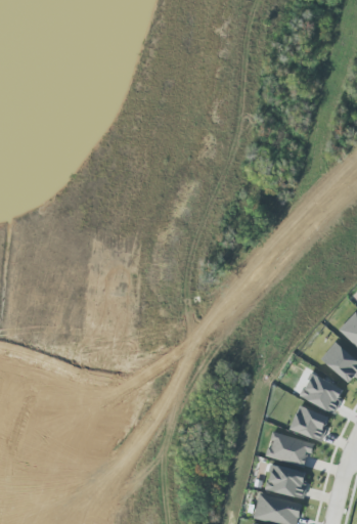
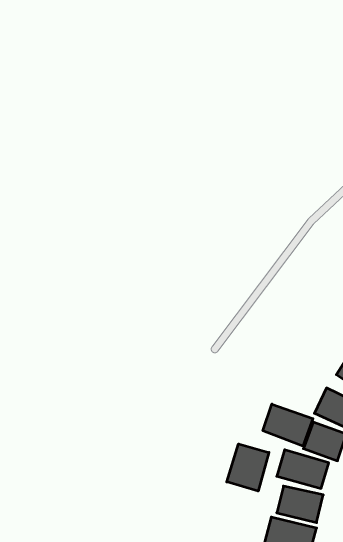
building: none -> [263,404,313,446]
building: none -> [227,444,269,491]

